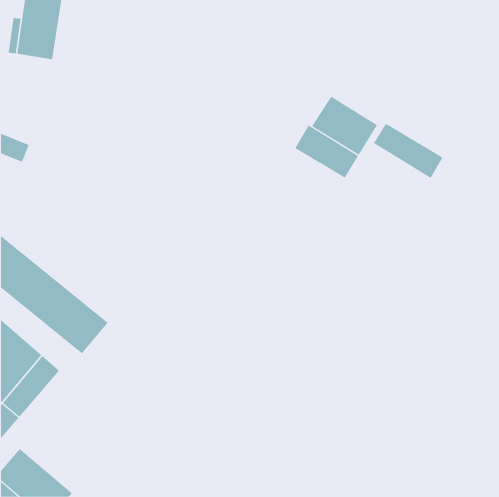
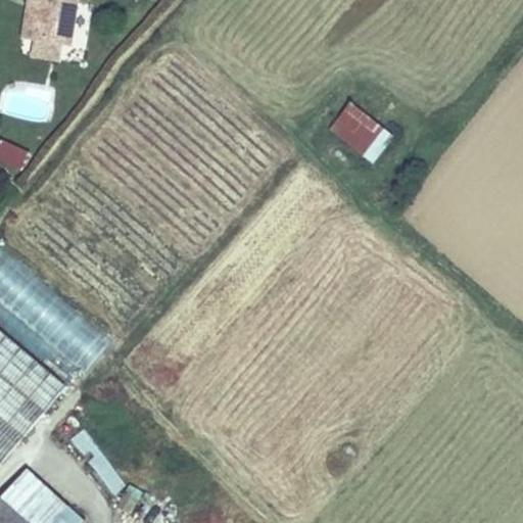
building: [373,123,443,179] -> none
building: [294,125,359,178] -> none

